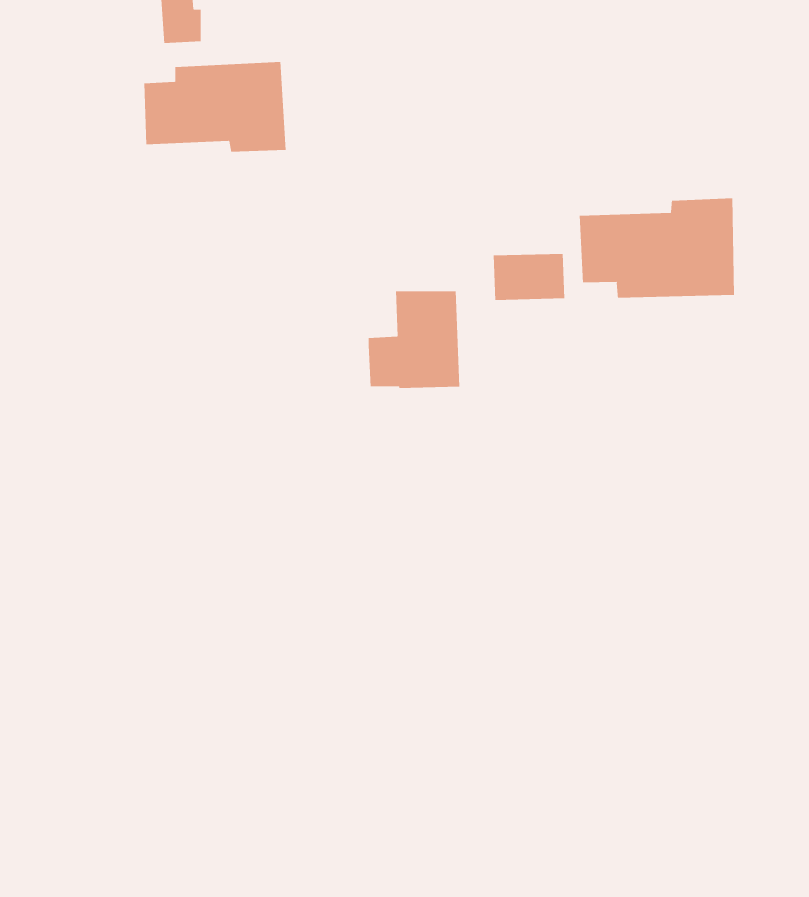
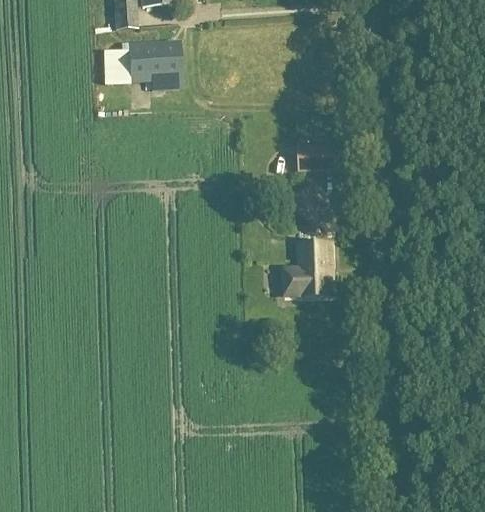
building: [579,197,734,299] -> none
building: [368,291,460,389] -> [282,241,333,295]

